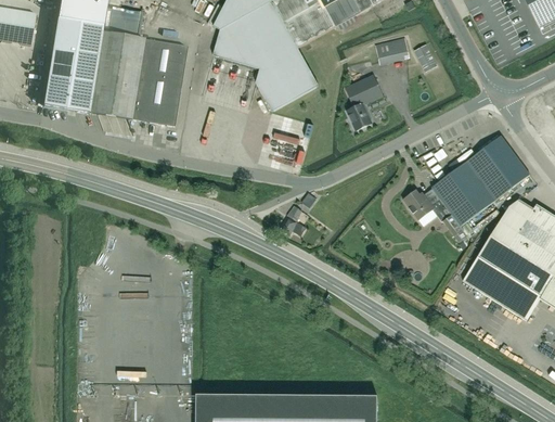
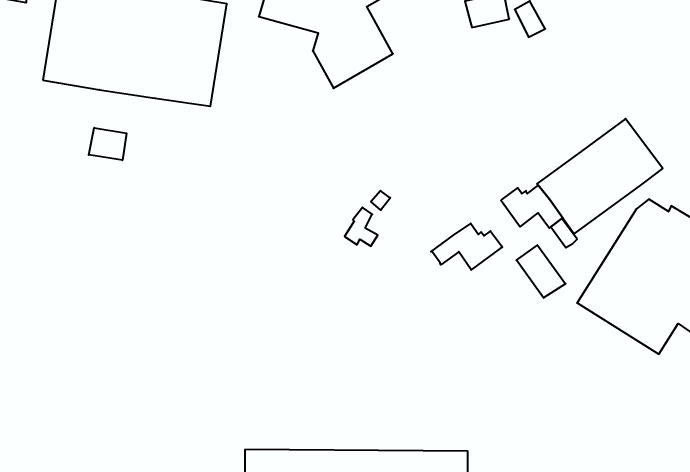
building: [345,74,382,129] -> none
building: none -> [89,128,127,160]
building: none -> [431,223,502,270]
building: none -> [516,245,566,298]

